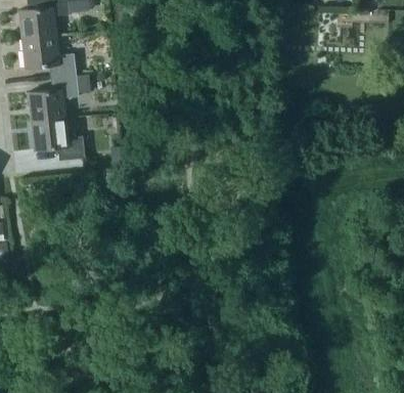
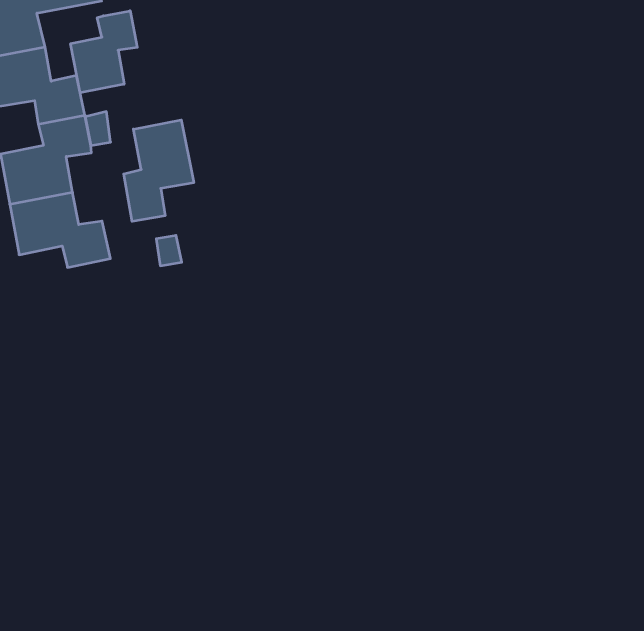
building: none -> [71,11,137,93]
building: none -> [124,120,194,221]

